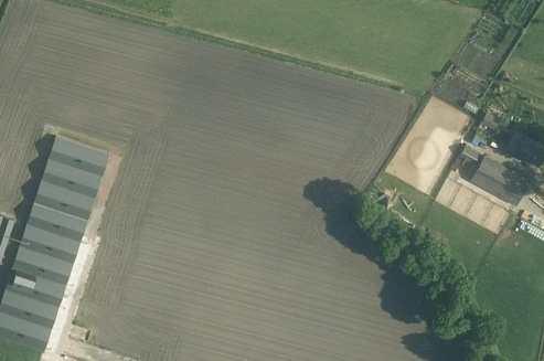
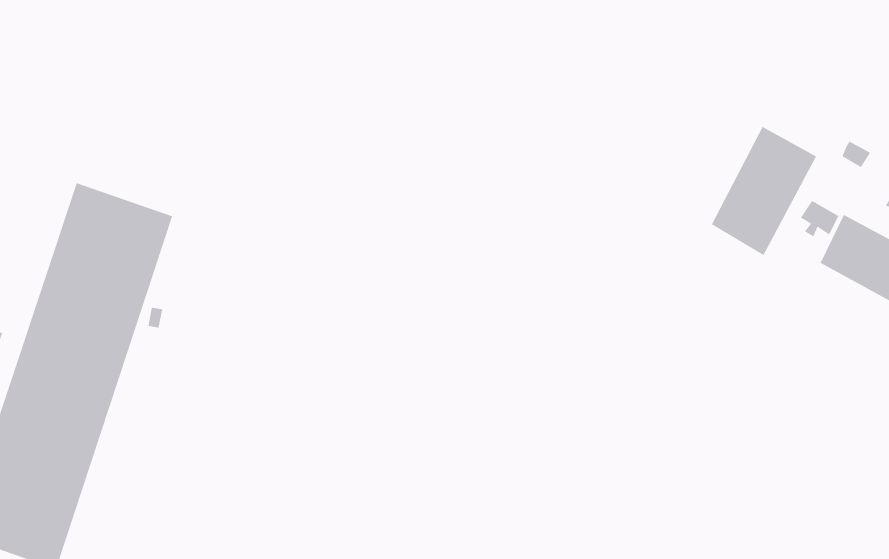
building: none -> [711,126,817,256]

